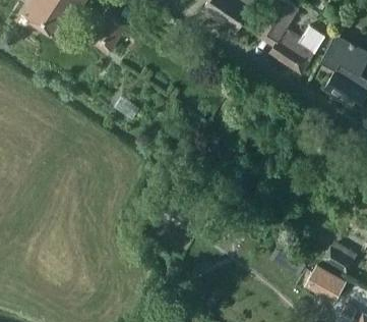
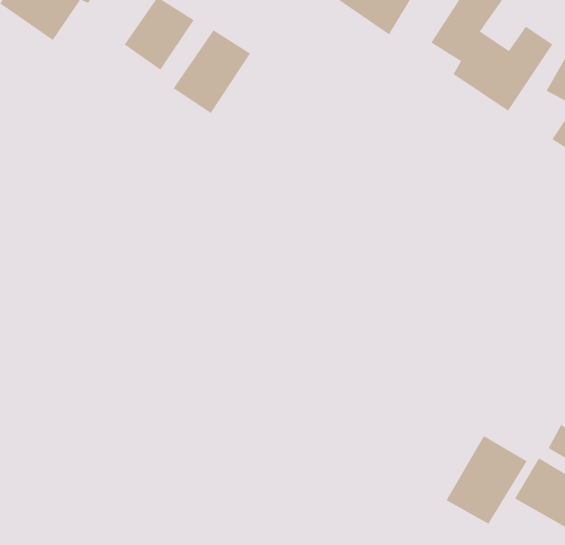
building: none -> [173,29,251,114]
building: none -> [446,435,528,525]

